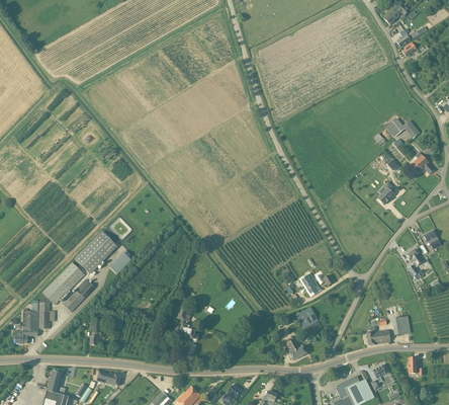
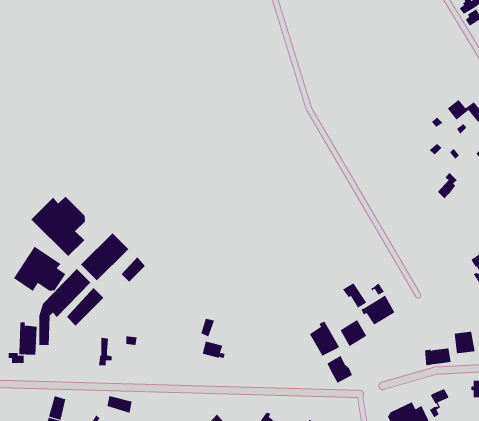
building: none -> [31,196,85,257]
building: none -> [13,246,66,292]
building: none -> [361,295,395,325]
building: none -> [309,321,340,357]

